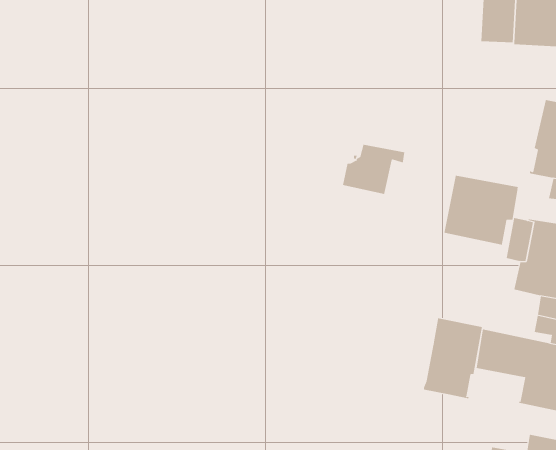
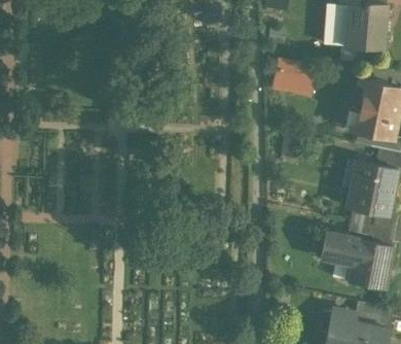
building: [342,144,405,194] -> [271,62,313,95]
building: [444,175,518,245] -> none
building: [423,317,483,399] -> none

